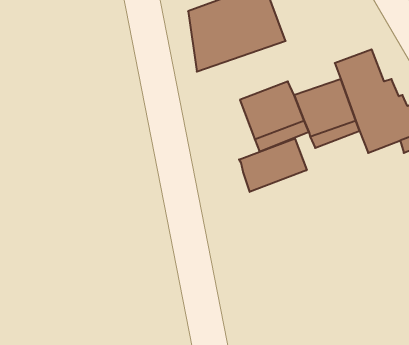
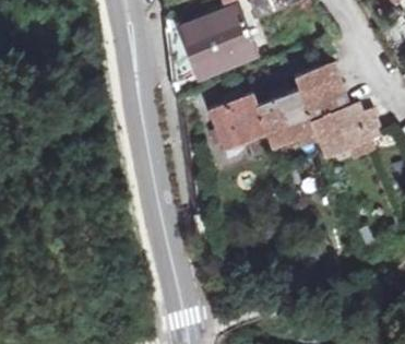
building: [239,138,307,192] -> none

